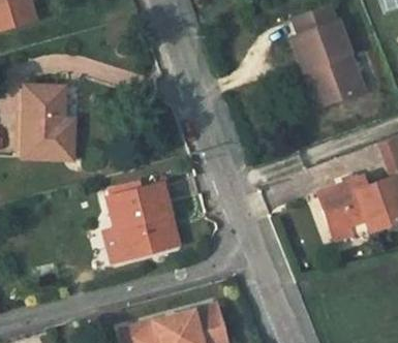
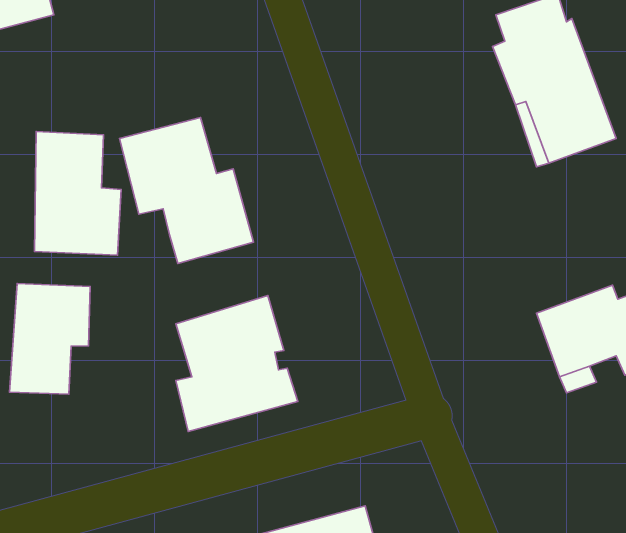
building: none -> [119,118,253,264]
building: none -> [9,283,90,394]

